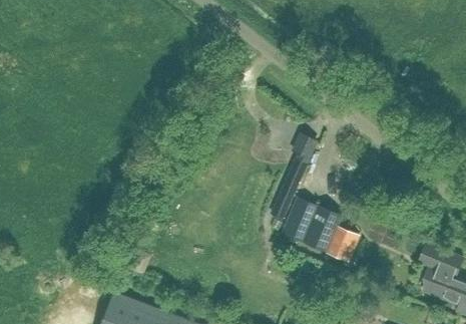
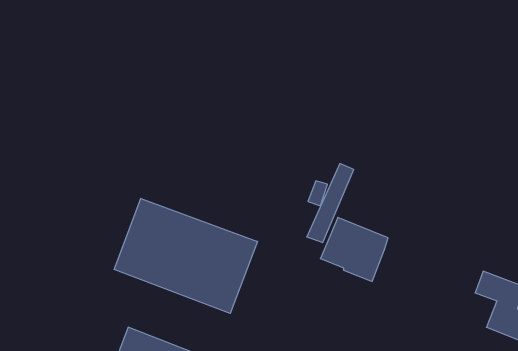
building: none -> [114,198,258,313]
building: [329,224,359,259] -> none

